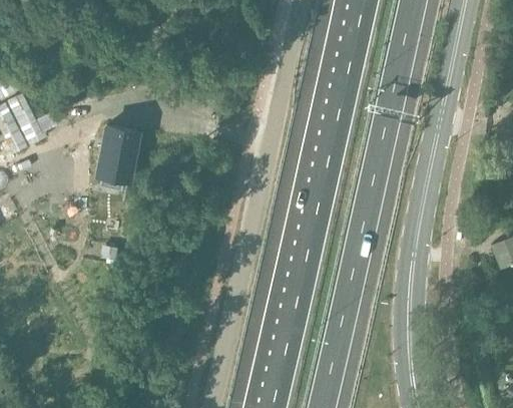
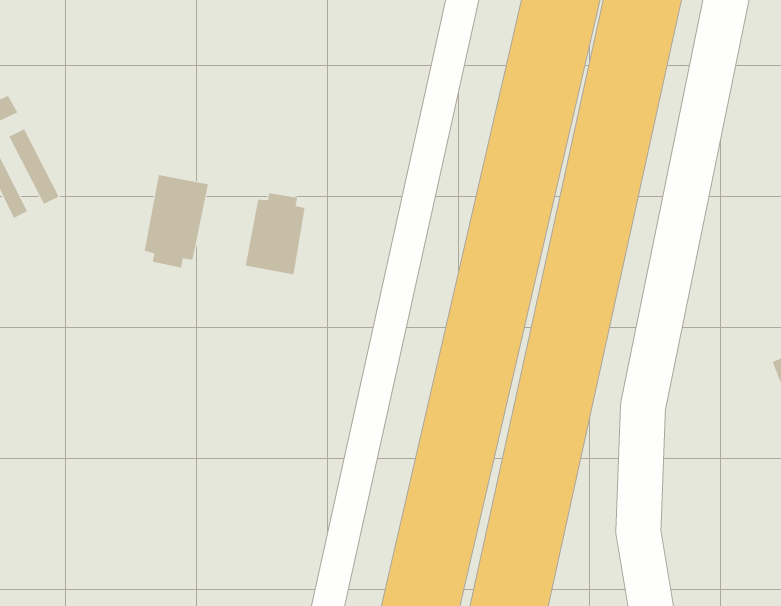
building: none -> [245,192,305,275]

